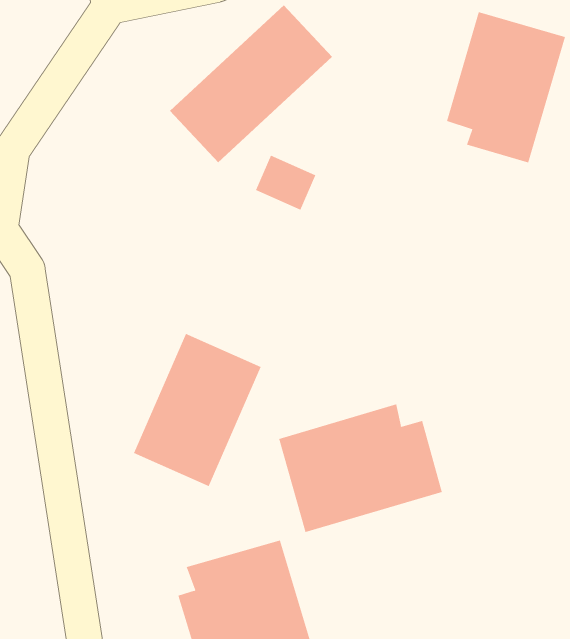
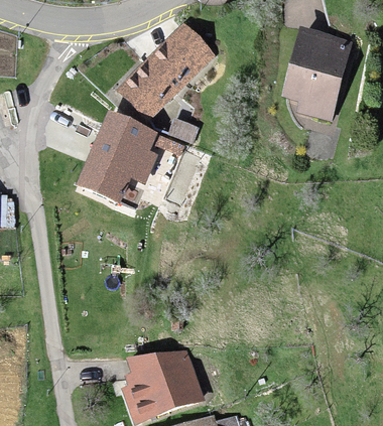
building: [133,333,262,487] -> [81,115,157,206]
building: [279,403,443,533] -> none

